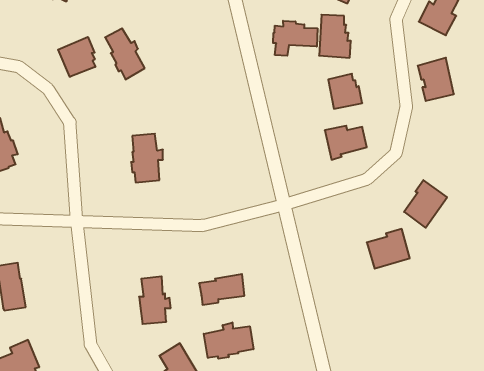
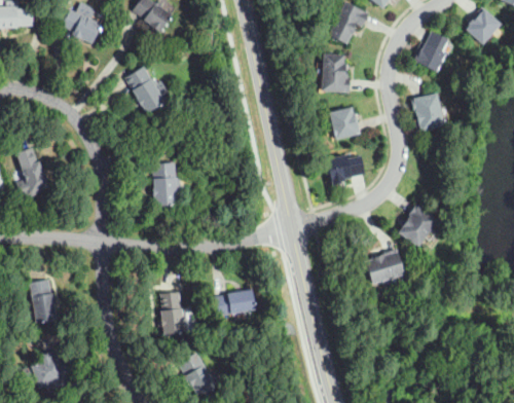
building: [273,21,317,56] -> none
building: [58,37,95,77] -> none
building: [204,322,253,359] -> none

